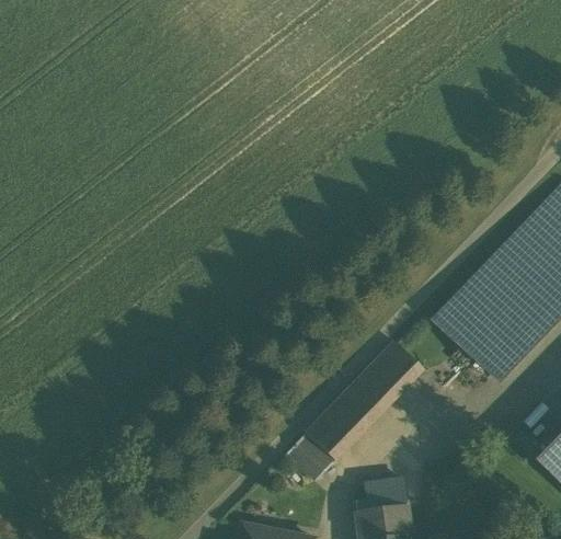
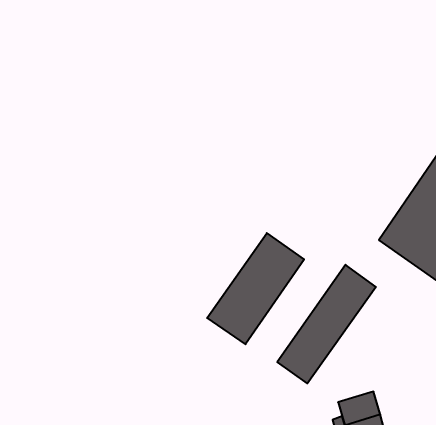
building: none -> [207,233,304,344]
building: [286,433,334,481] -> none

